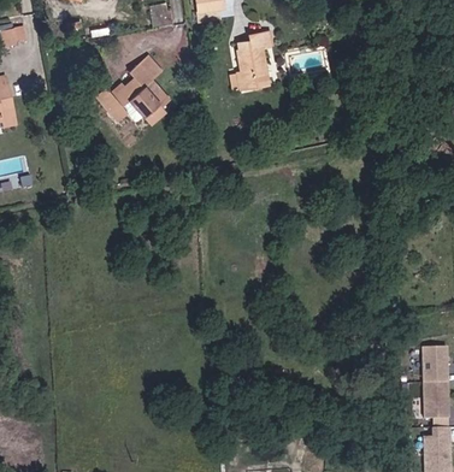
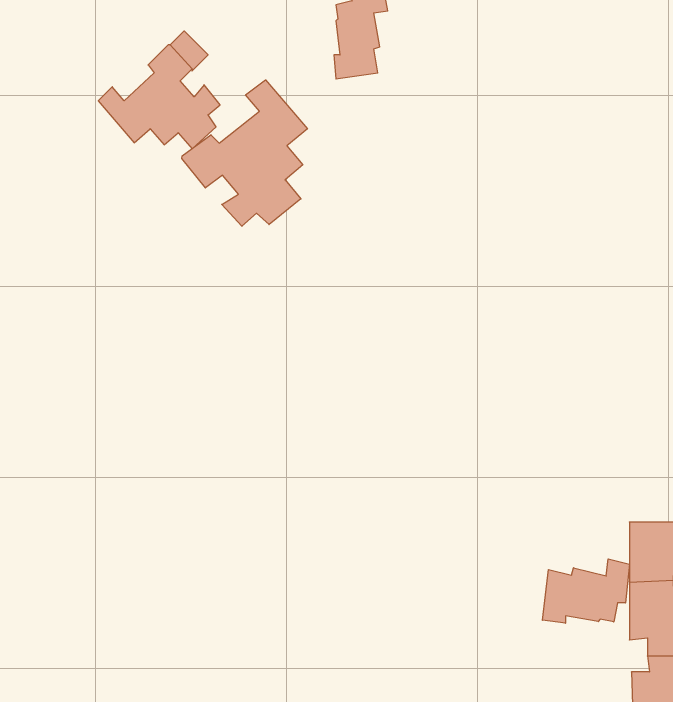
building: none -> [182,80,307,226]
building: none -> [542,559,629,623]

